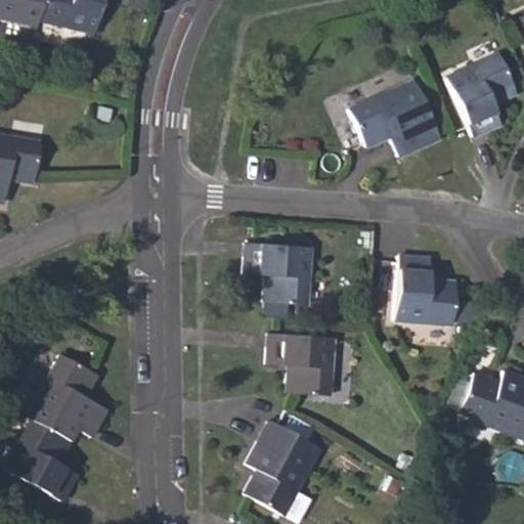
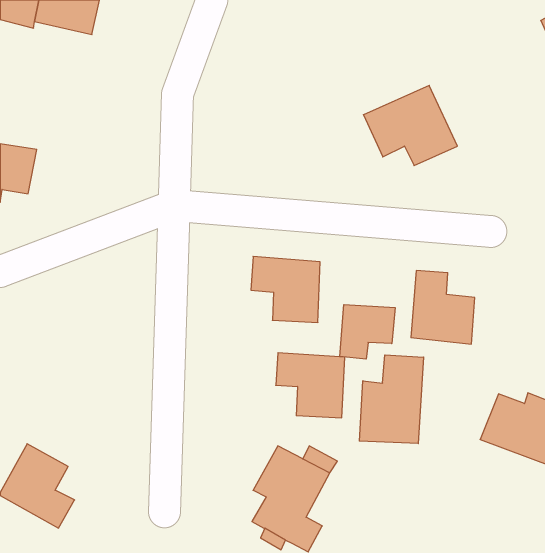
building: [446,53,518,137] -> none
building: none -> [340,305,395,359]
building: none -> [359,355,424,444]
building: [27,354,110,441] -> none

